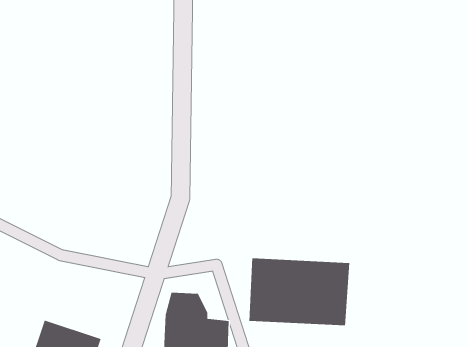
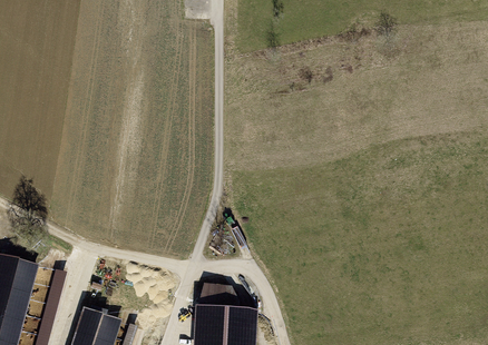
building: [249,258,350,326] -> none

